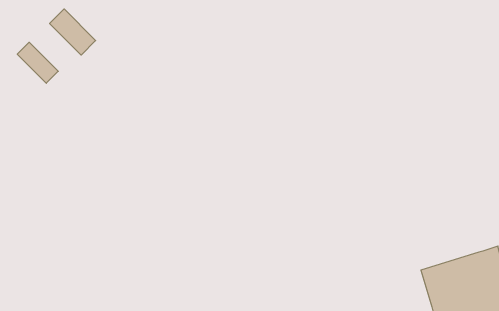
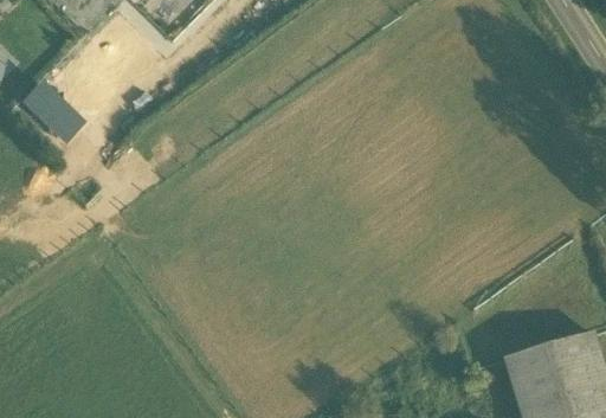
building: [50,9,96,55] -> none

